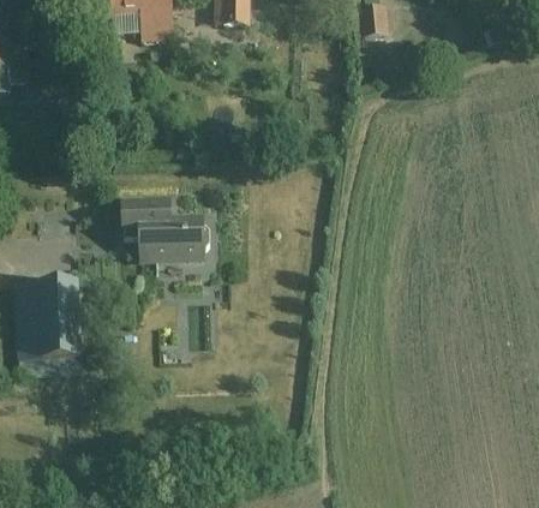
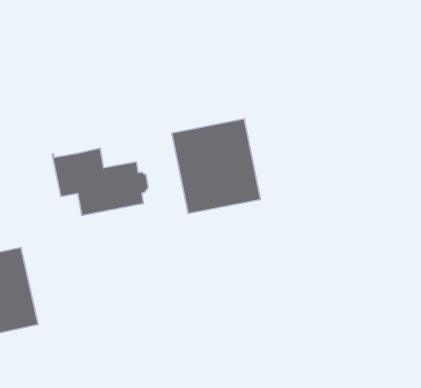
building: none -> [172,119,260,213]

